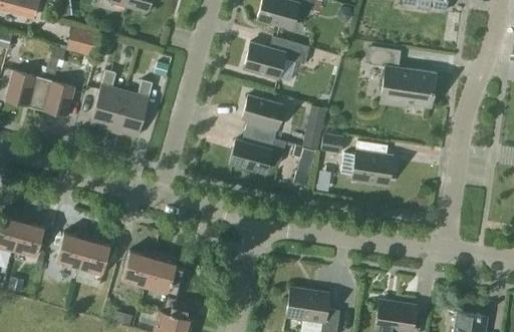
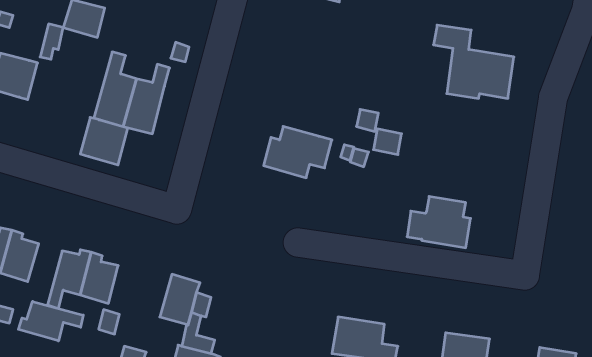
building: [244,36,310,78] -> none
building: [36,78,75,117] -> [80,117,128,165]
building: [242,95,284,138] -> none
building: [340,140,393,183] -> [407,196,471,248]
building: [121,250,155,287] -> none
building: none -> [18,301,83,341]

